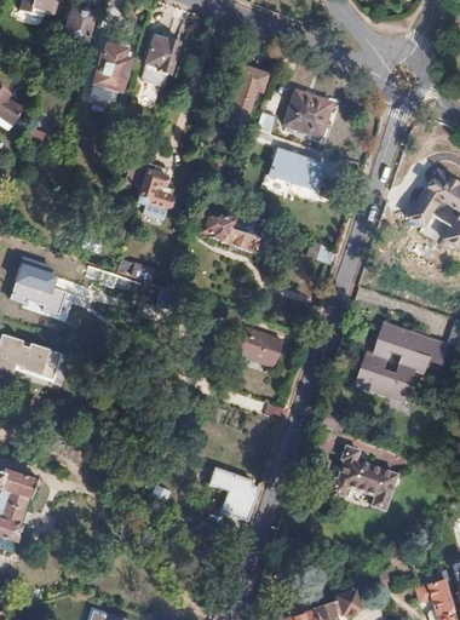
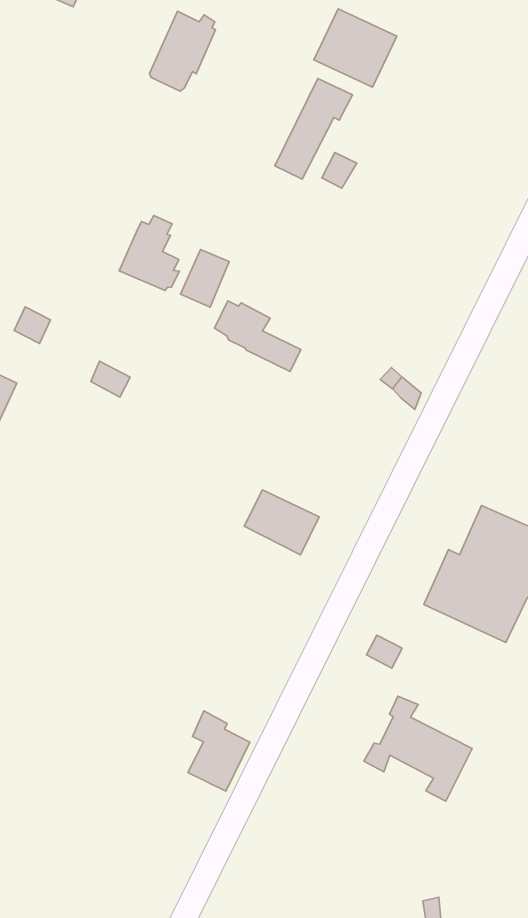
building: [90,44,128,104] -> none
building: [283,91,333,137] -> [314,9,397,87]
building: [269,149,324,190] -> none
building: none -> [181,249,229,307]

